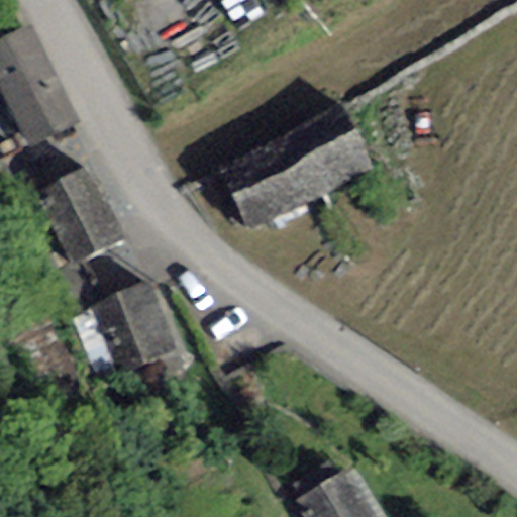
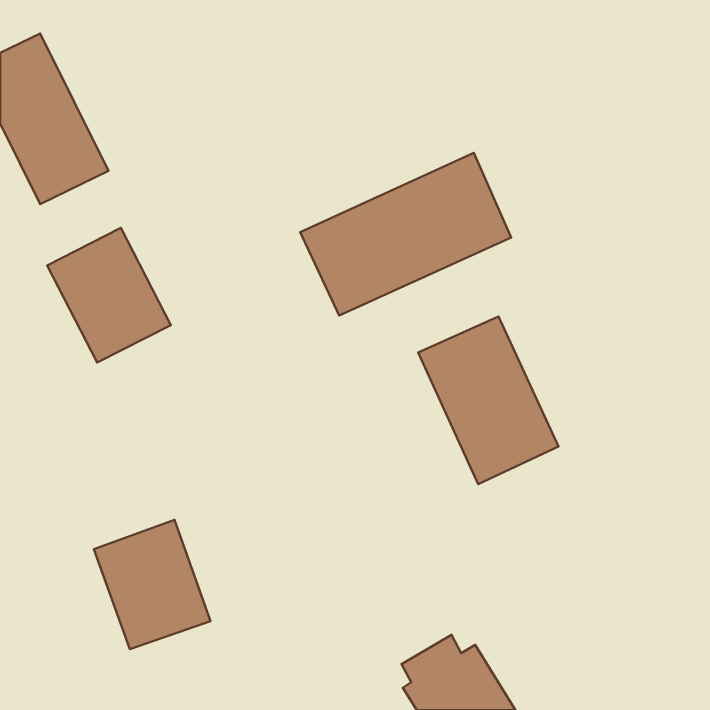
building: none -> [418,317,559,484]
building: [90,281,175,375] -> [94,520,211,649]

